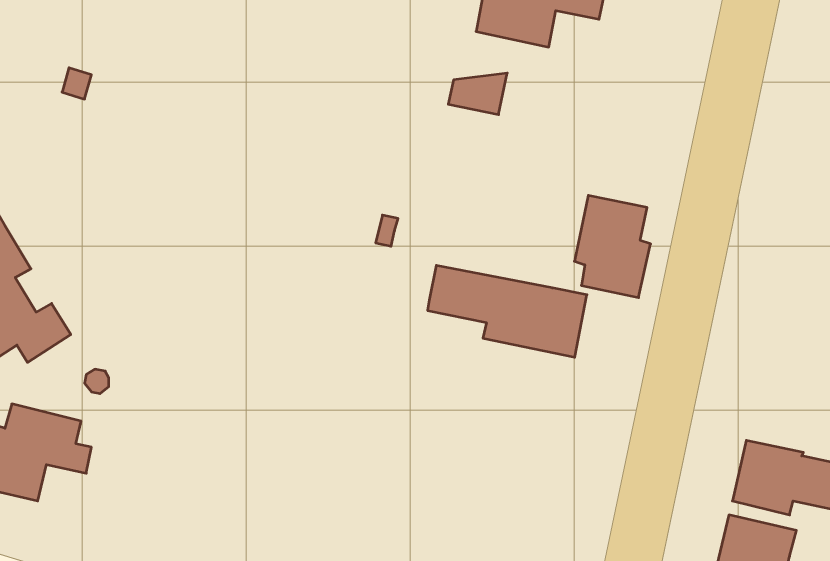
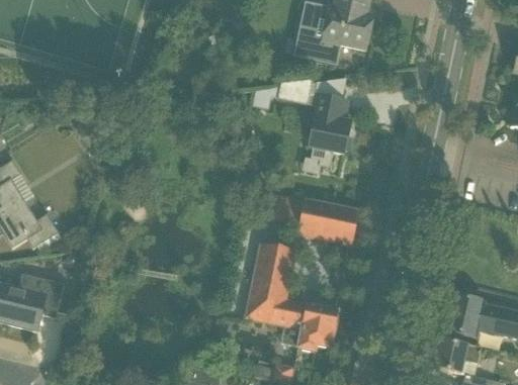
building: [574,195,651,298] -> [306,93,350,153]
building: none -> [245,244,338,352]

